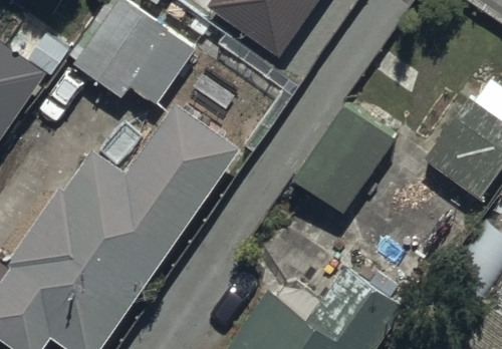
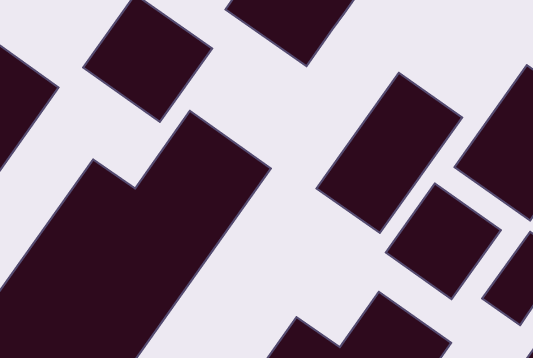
building: none -> [386,183,501,299]

